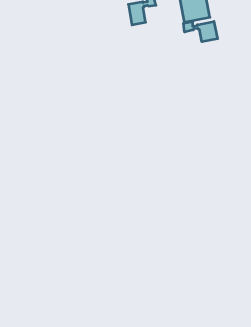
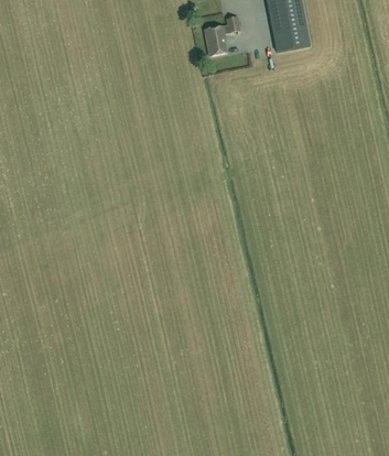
building: [184,21,218,42] -> none

